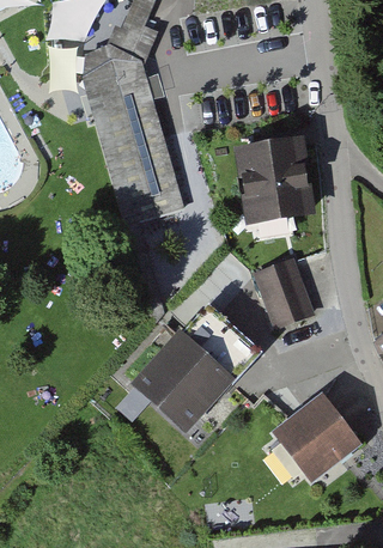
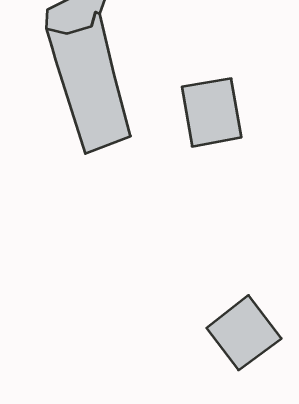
building: [259,260,312,323] -> none
building: [132,303,255,436] -> none

